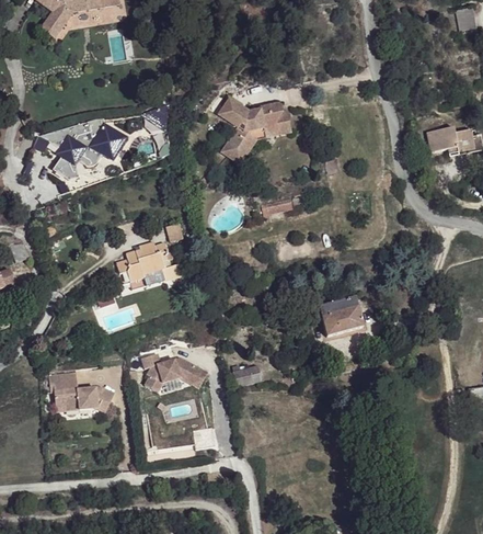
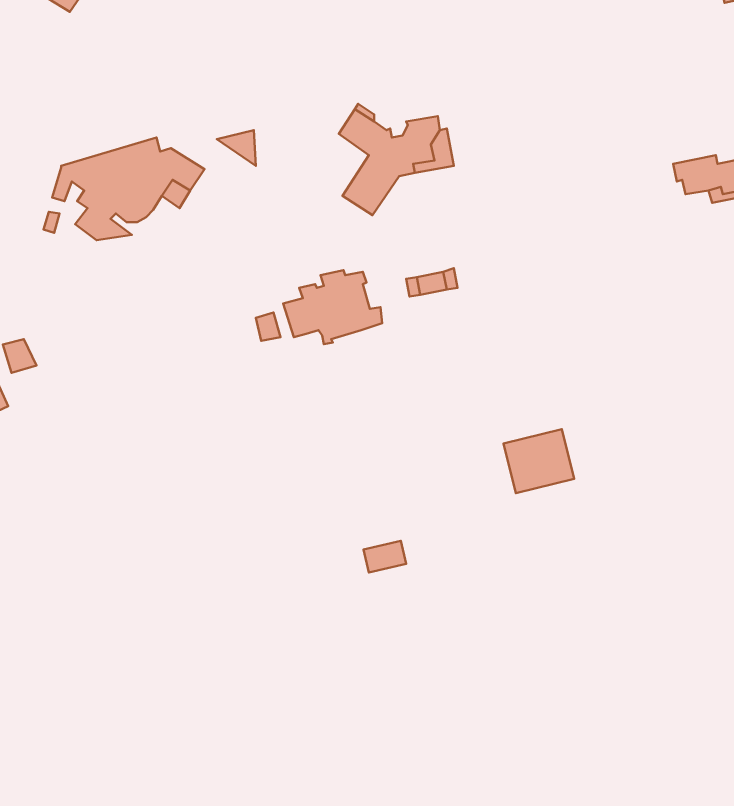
building: [117,242,179,288] -> [283,270,382,344]
building: [142,353,207,388] -> none
building: [49,371,114,410] -> none

